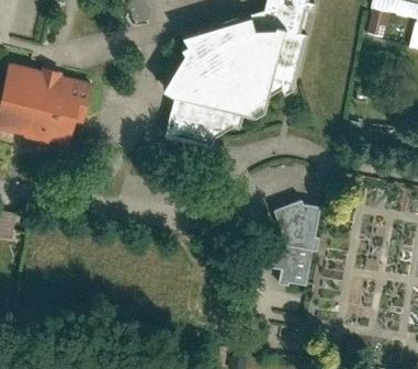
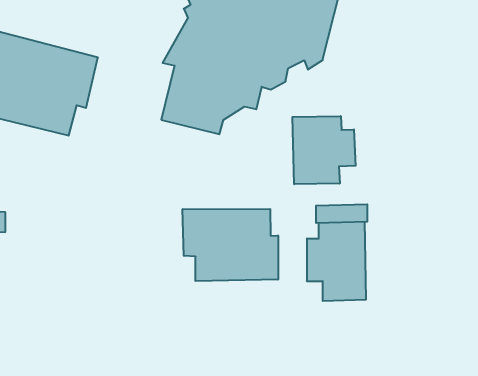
building: none -> [292,116,356,184]
building: none -> [183,209,278,281]

